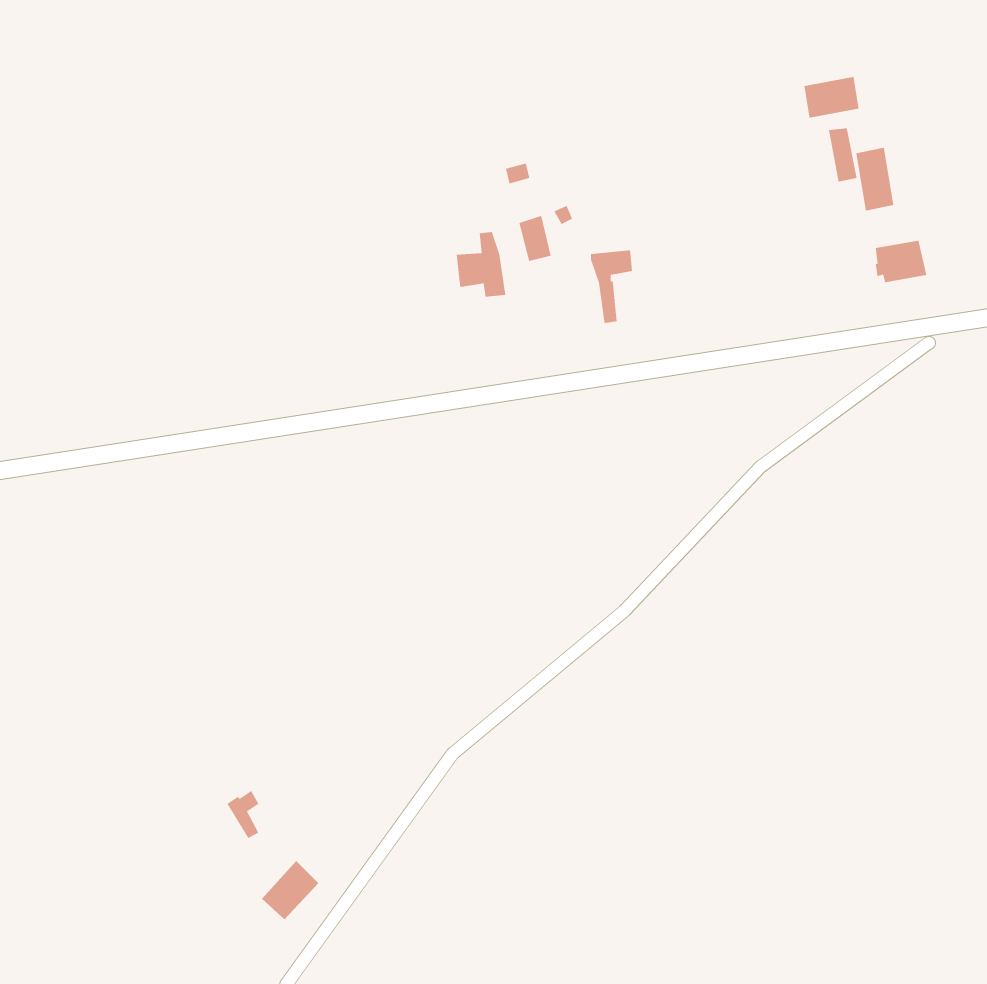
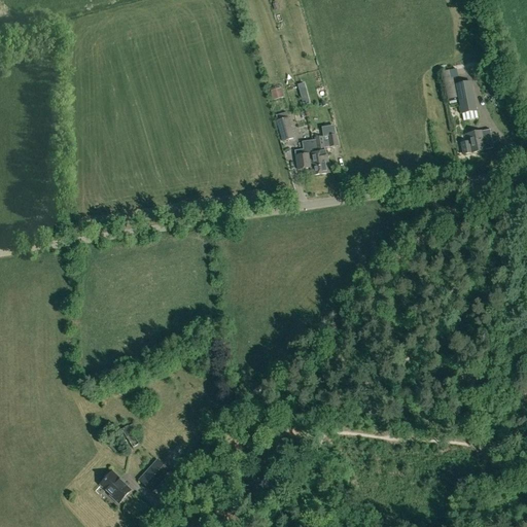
building: [804,76,859,118] -> none
building: [456,231,506,297] -> [294,138,321,173]
building: none -> [100,469,130,500]

